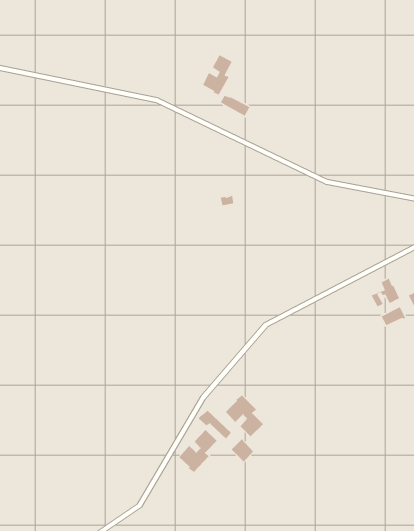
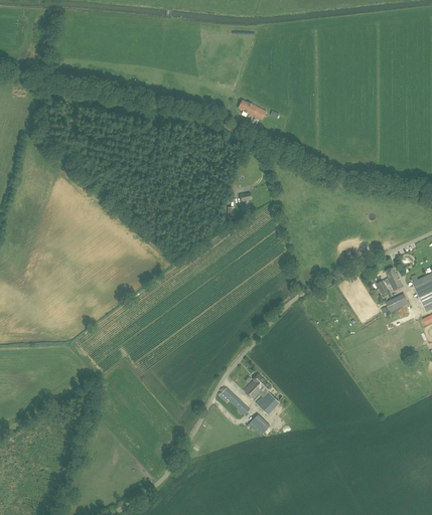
building: [202,54,233,96] -> none
building: [179,429,218,473] -> none

